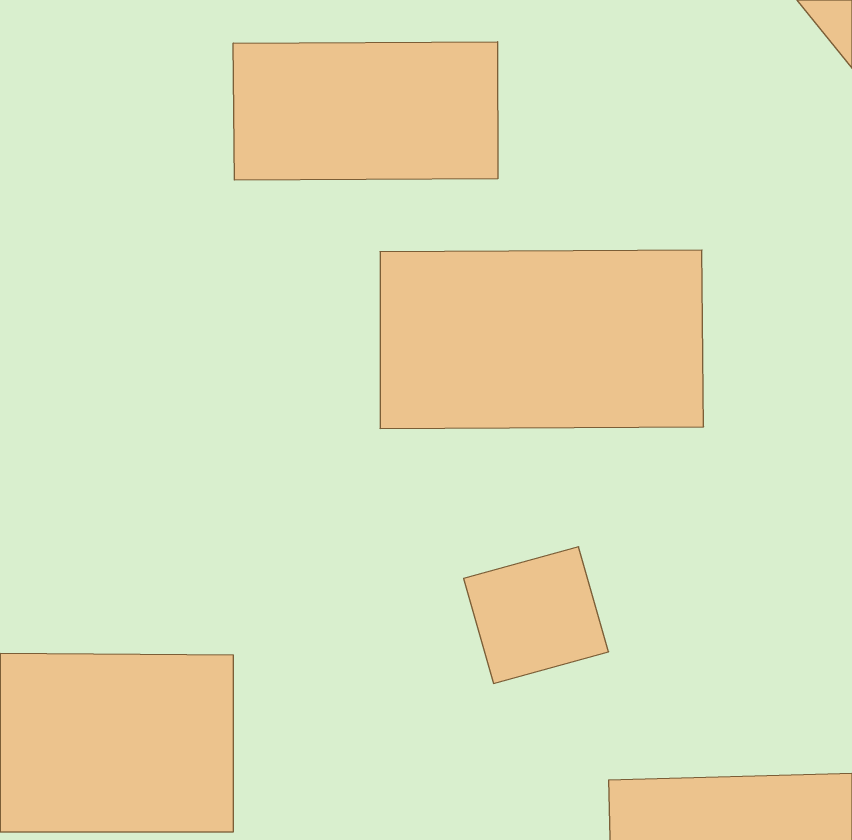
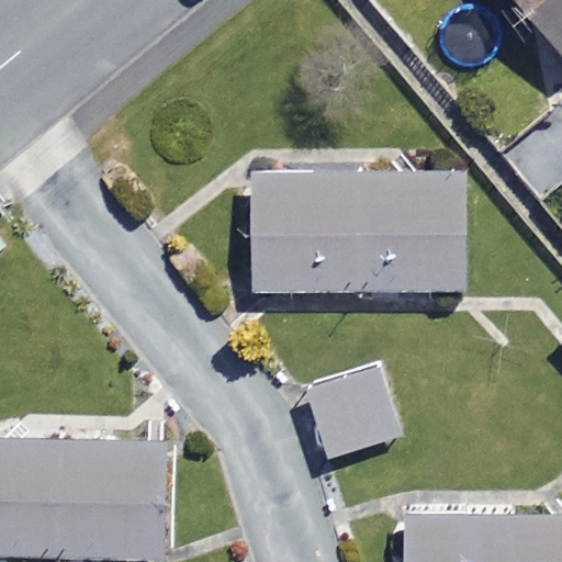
building: [233,42,498,180] -> none

